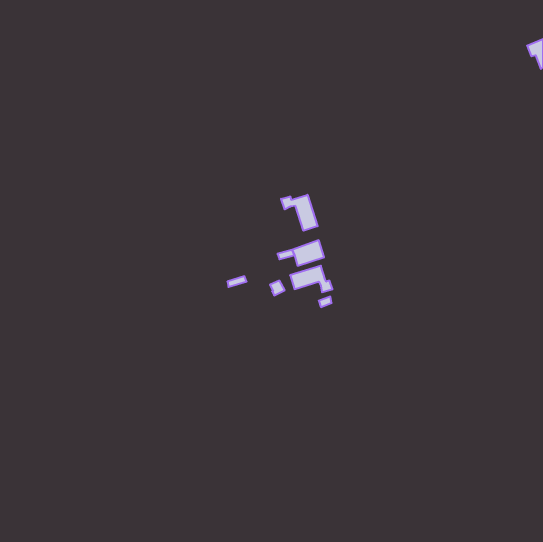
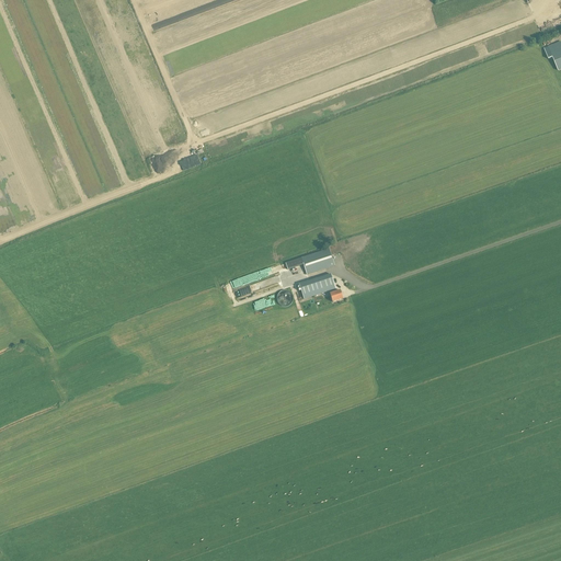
building: [281,195,318,231] -> none

